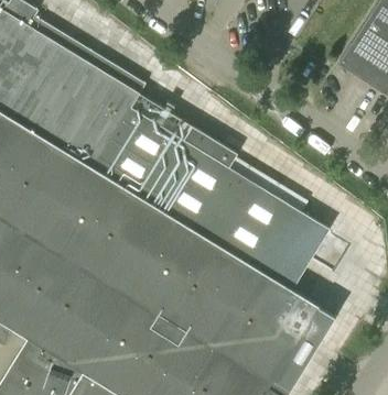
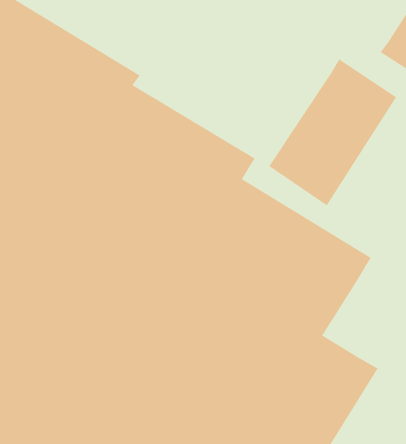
building: none -> [269,59,397,206]

